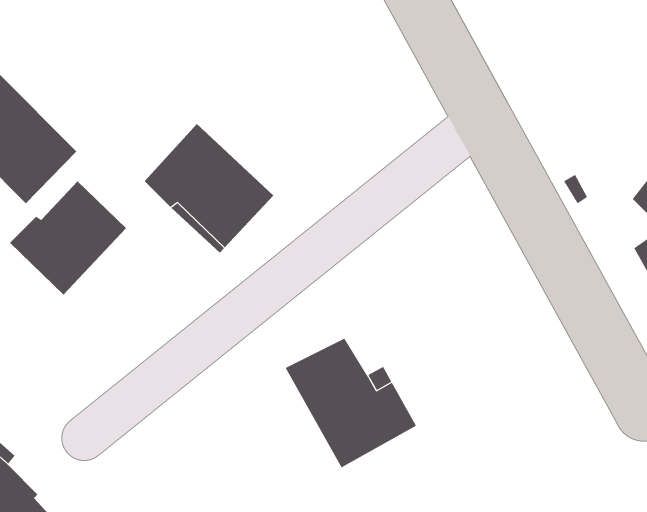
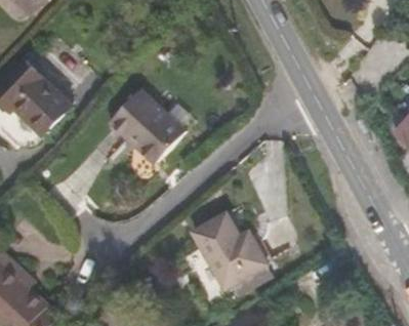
building: [9,180,127,295] -> none

